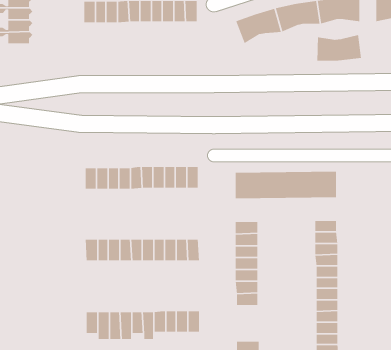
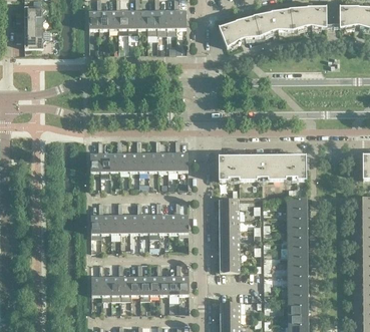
building: [316,34,362,61] -> none

